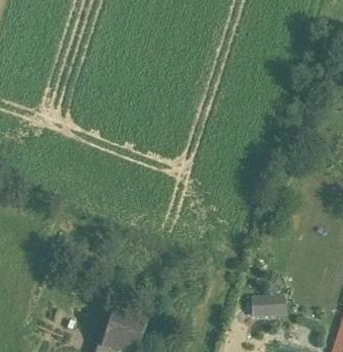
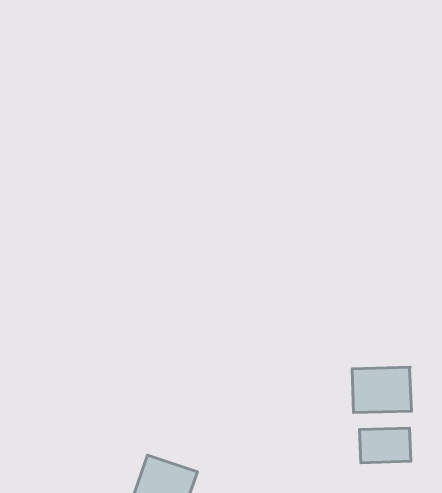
building: none -> [352,367,411,412]

